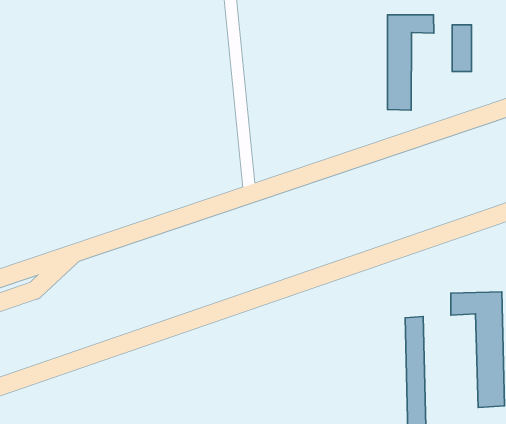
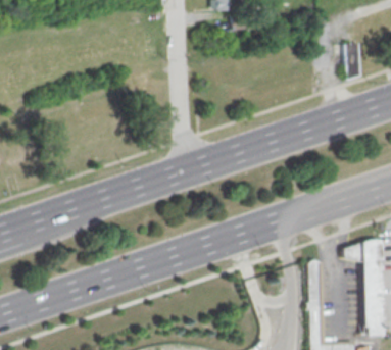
building: [387,15,434,110] -> none

